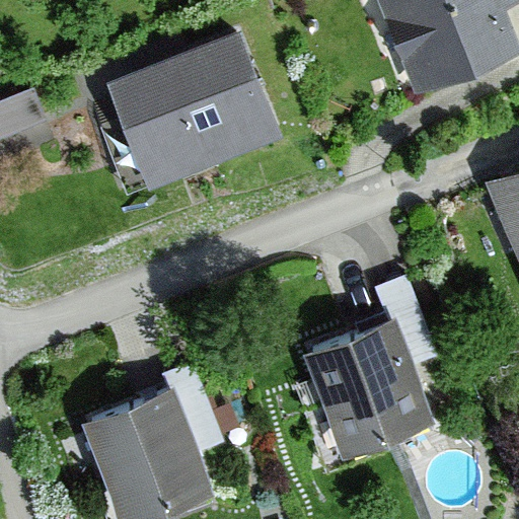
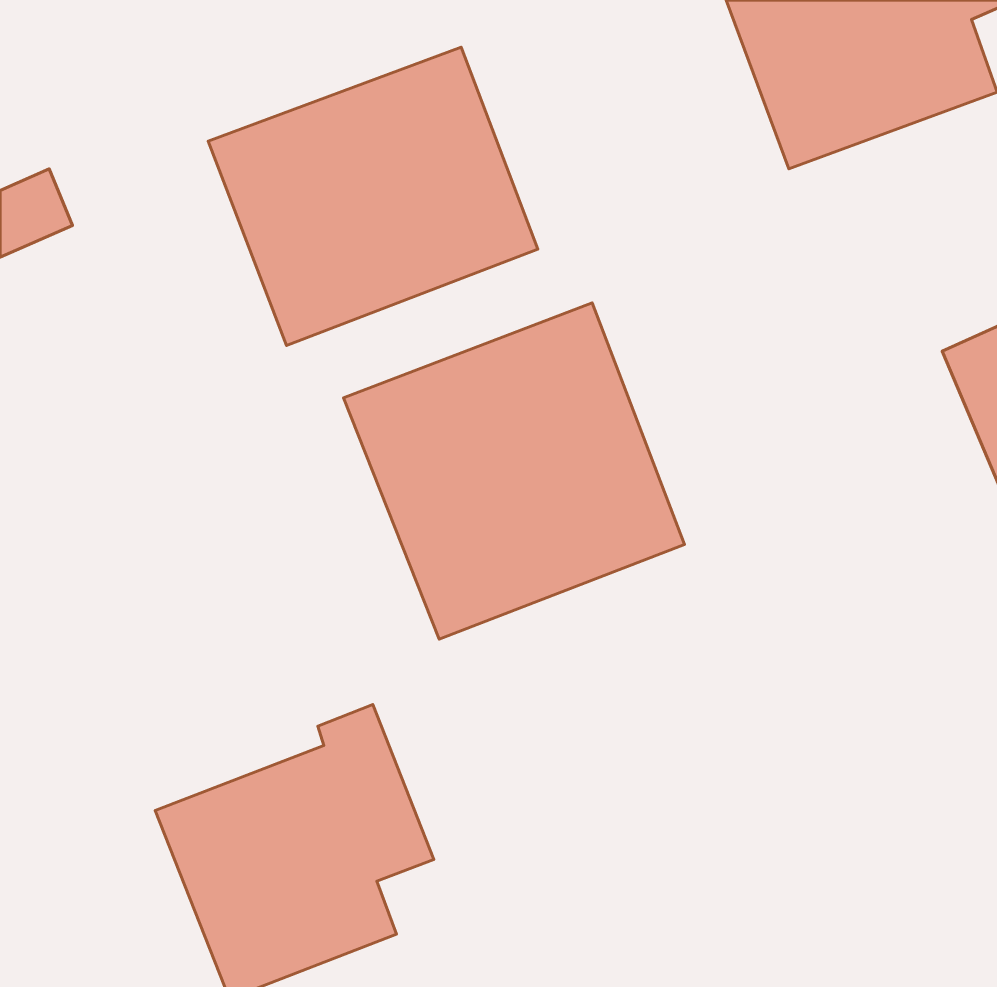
building: none -> [343,303,685,639]
building: [302,288,445,458] -> none

